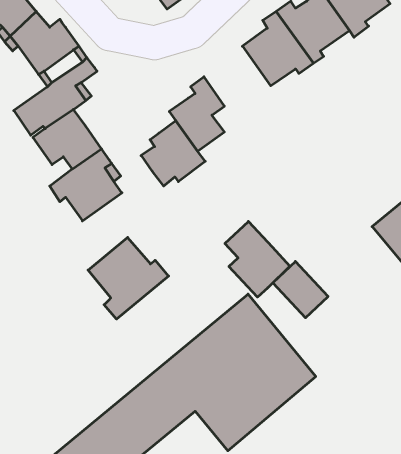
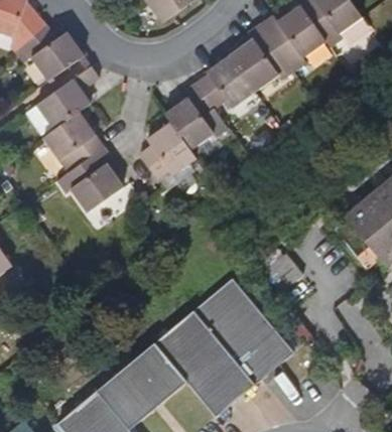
building: none -> [194,55,254,109]
building: [225,221,290,297] -> none
building: [88,237,169,319] -> none

